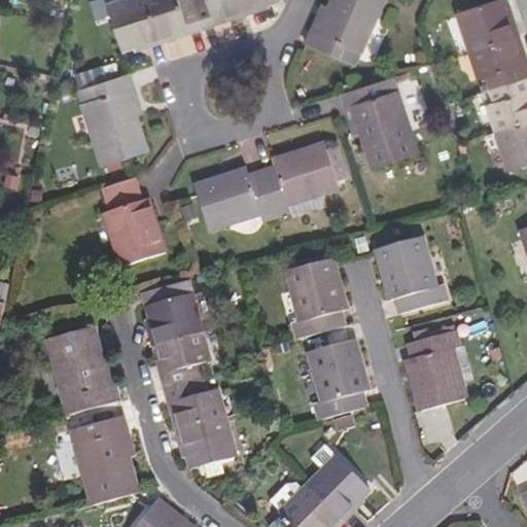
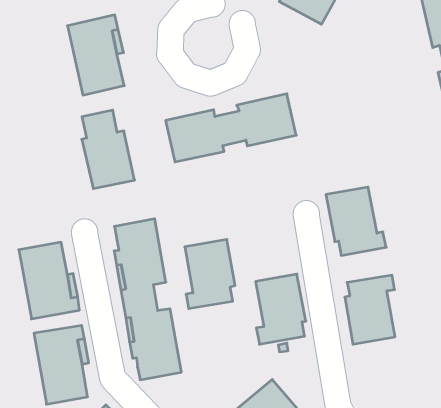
building: [341,76,415,167] -> none
building: [286,258,345,338] -> [185,239,235,309]

